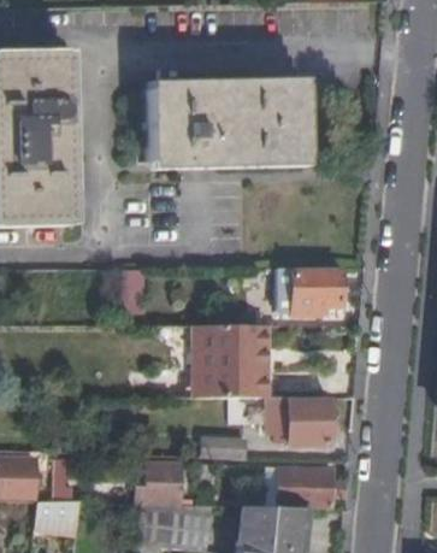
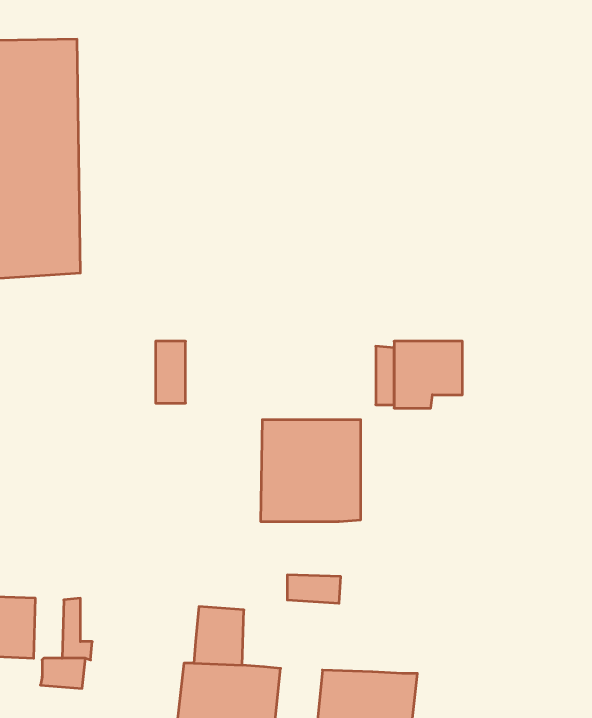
building: [147,86,303,161] -> none
building: [265,399,329,448] -> none
building: [273,469,346,510] -> none

